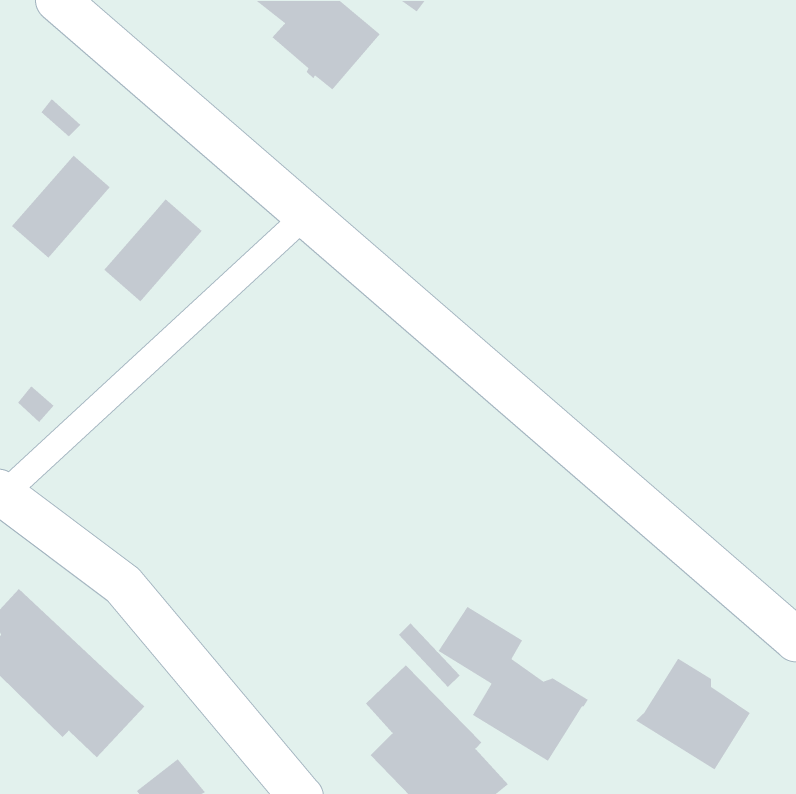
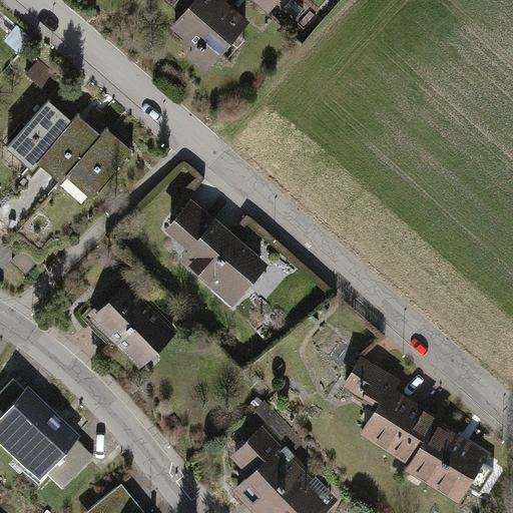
building: none -> [37,115,100,181]
building: none -> [169,206,260,291]
building: none -> [95,287,171,364]
building: [437,606,589,762] -> [342,360,439,460]

